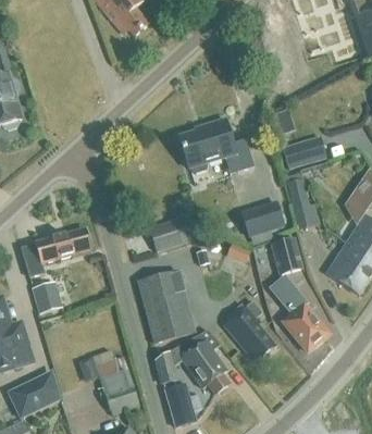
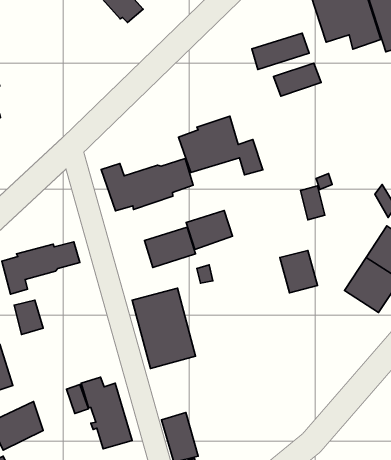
building: none -> [252,33,309,70]
building: [282,135,324,164] -> [274,63,321,96]
building: none -> [101,158,193,211]
building: [244,201,285,236] -> [186,210,233,249]
building: [274,284,327,351] -> none
building: [225,300,275,356] -> none
building: [157,338,230,394] -> none

